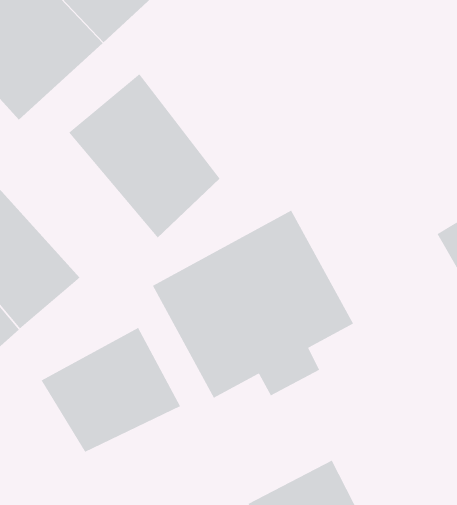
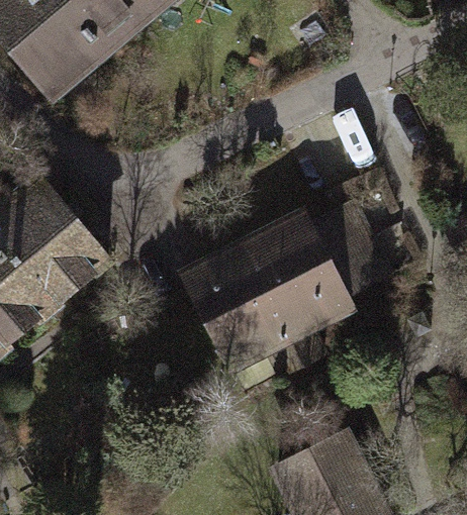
building: [68,73,220,239] -> none
building: [41,327,181,453] -> none

